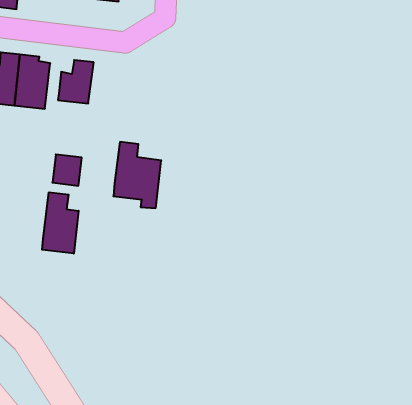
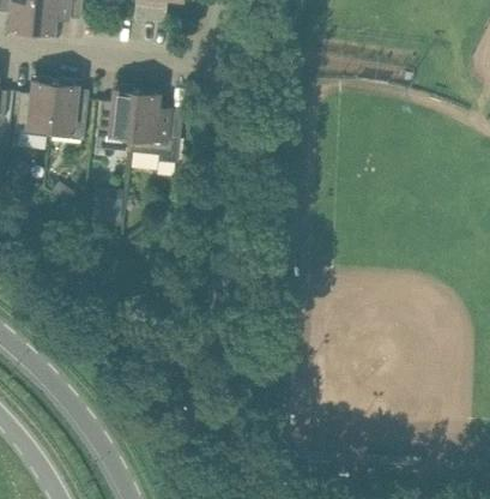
building: [113,142,161,208] -> [129,90,182,163]
building: [42,192,79,254] -> none

